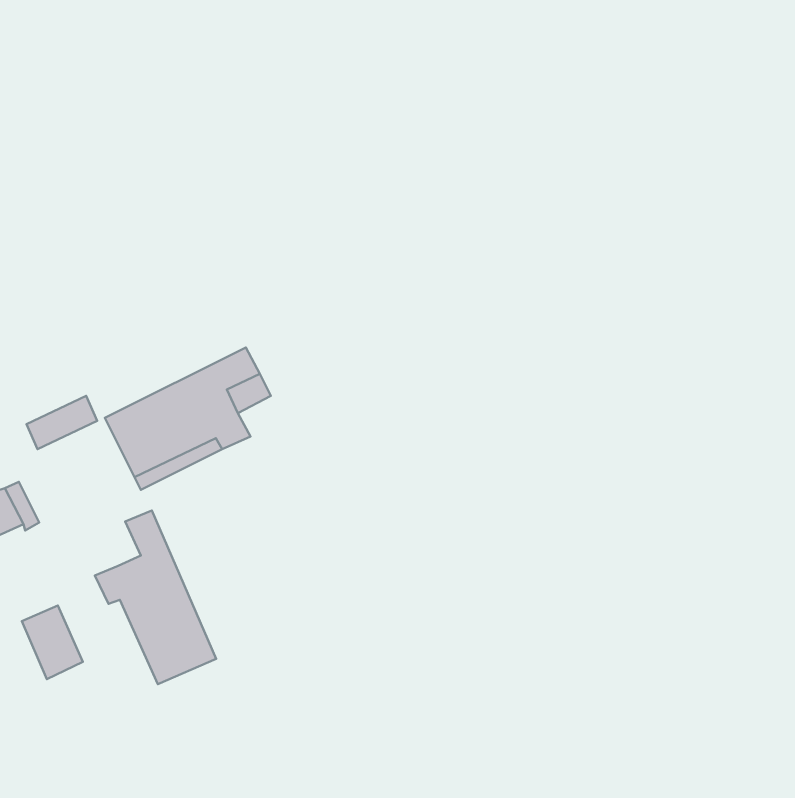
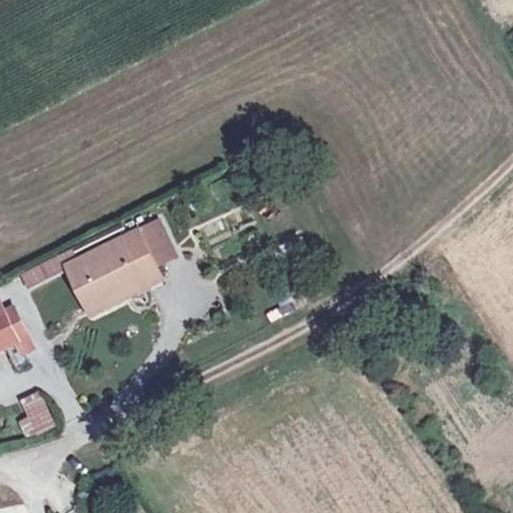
building: [95,511,216,684] -> none

